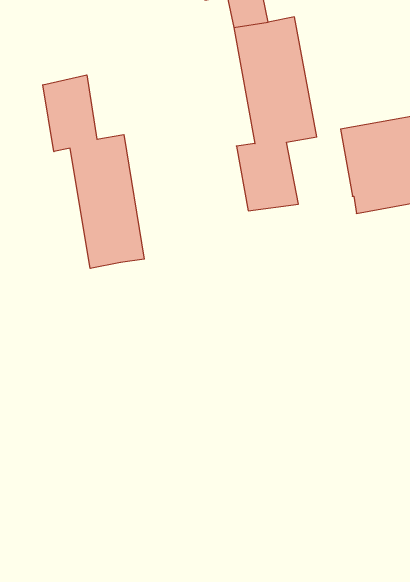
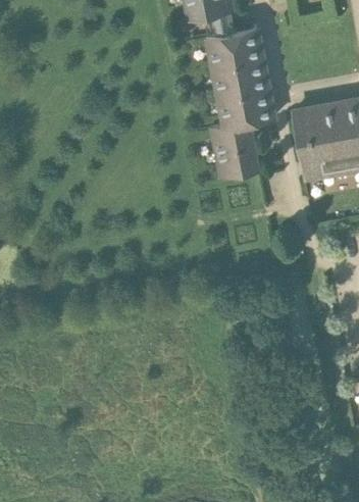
building: [43,75,144,268] -> none

